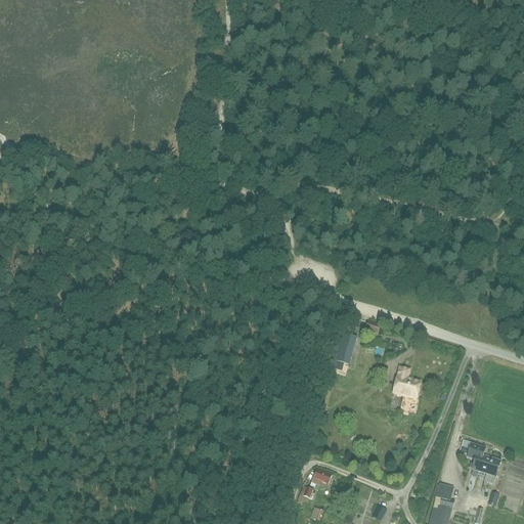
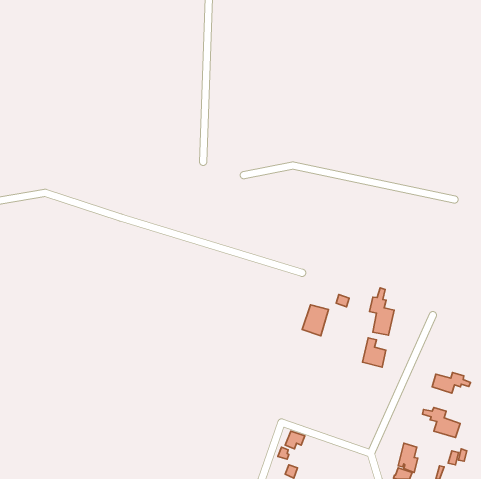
building: none -> [369,288,394,335]
building: none -> [432,372,471,393]

